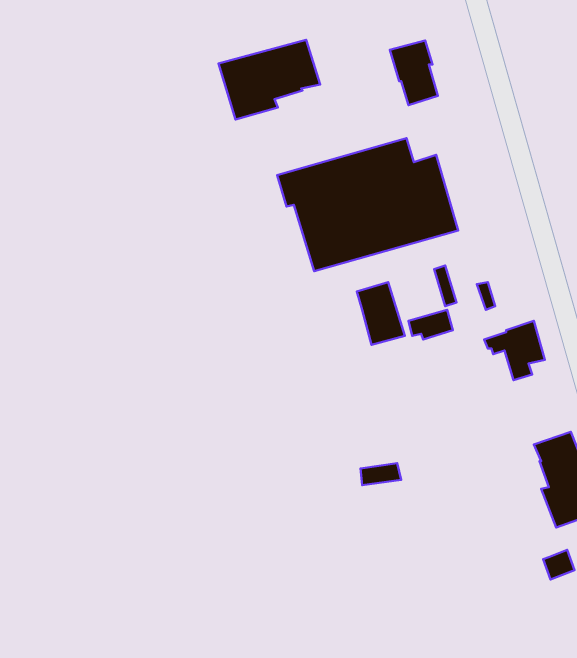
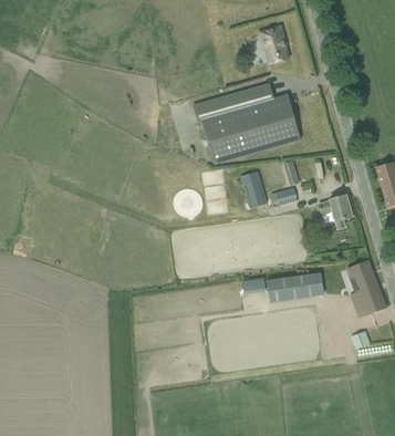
building: [218,40,320,120] -> none
building: none -> [268,273,324,302]

